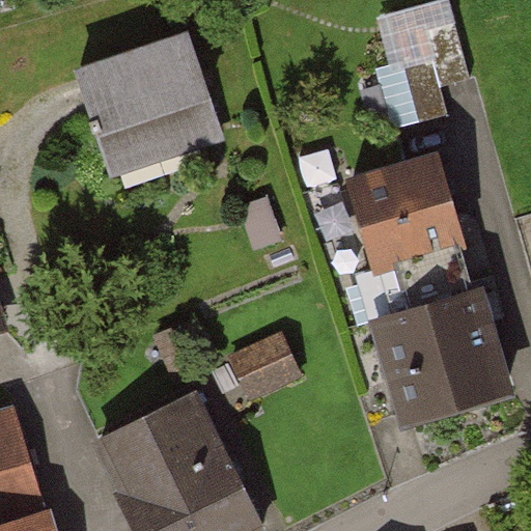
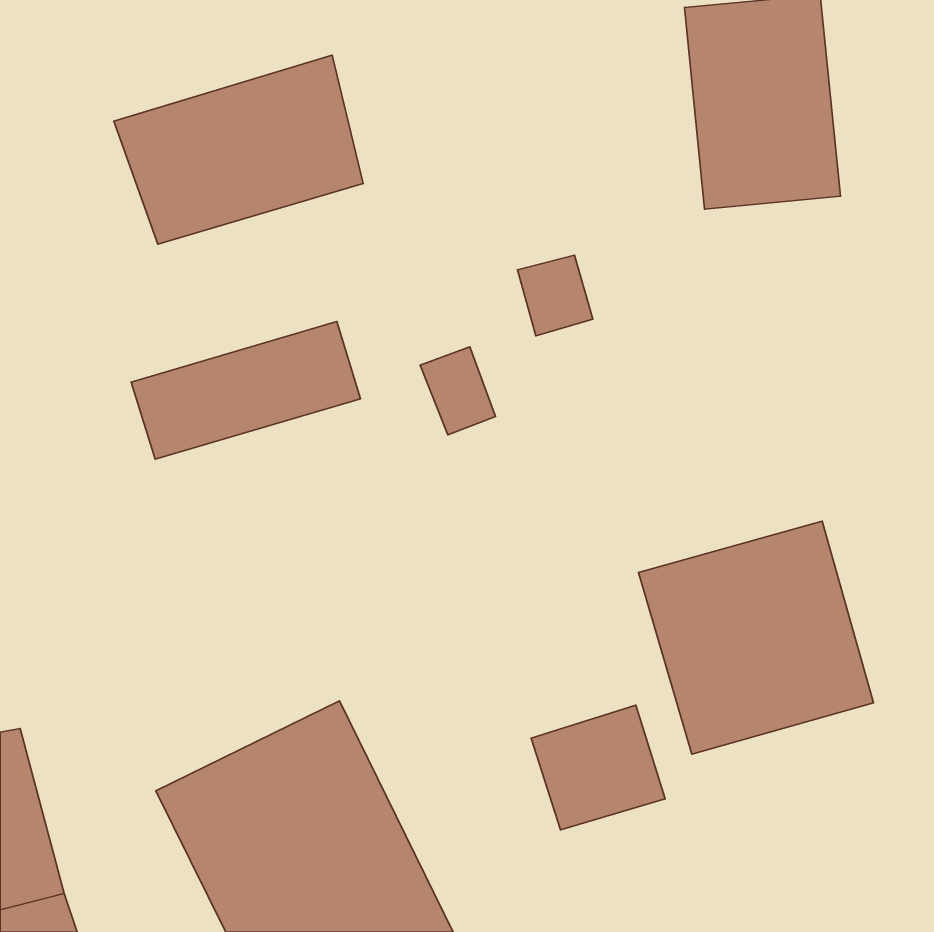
building: [91,104,221,181] -> [131,322,361,459]
building: [350,160,467,270] -> none
building: [229,331,305,401] -> [531,705,665,830]

